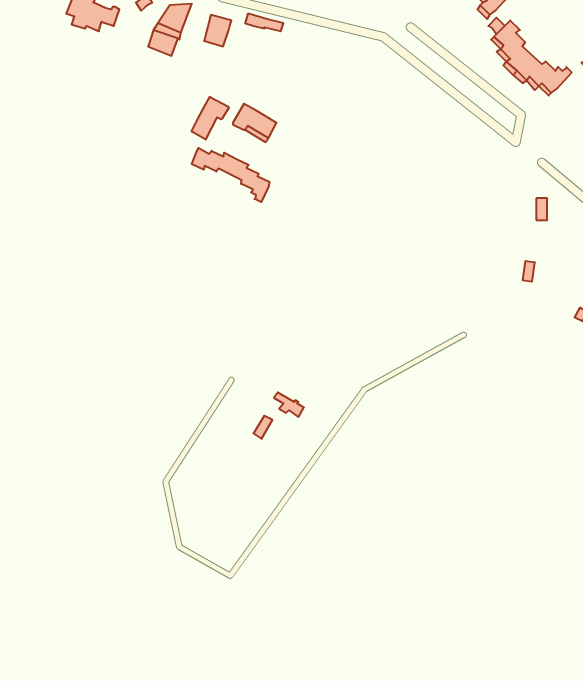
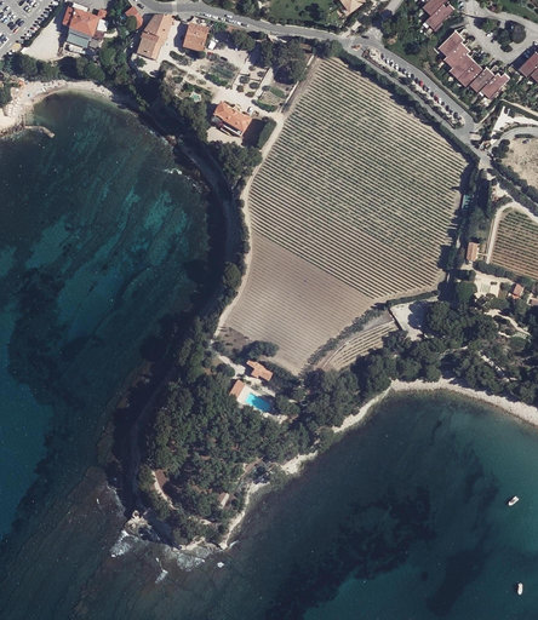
building: [192,97,229,140] -> none
building: [192,148,269,202] -> none

